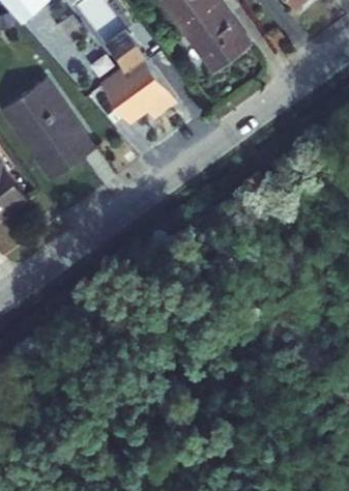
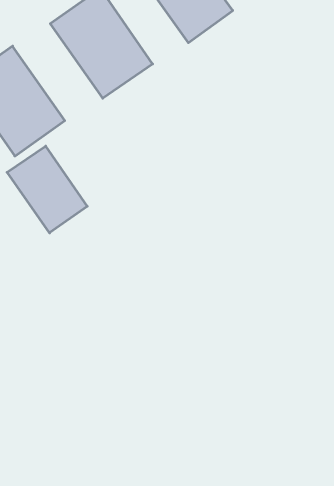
building: none -> [7,146,87,233]

